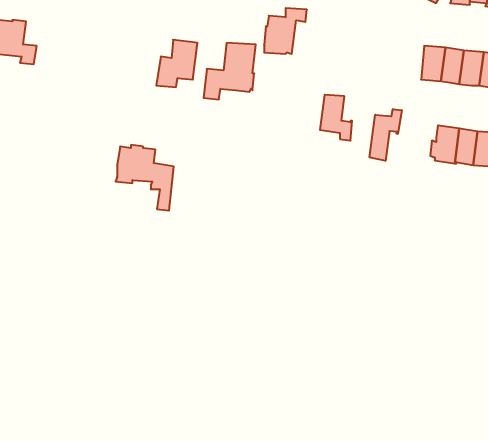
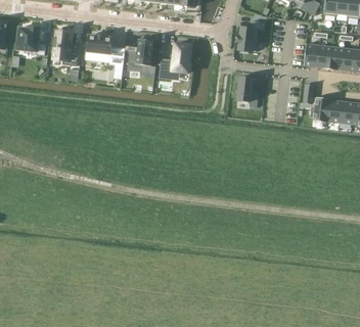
building: [264,8,307,54] -> [237,20,266,51]
building: none -> [52,28,80,65]
building: [370,109,402,161] -> none
building: [116,145,174,211] -> [86,34,125,78]

